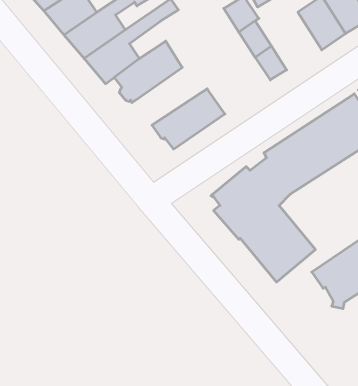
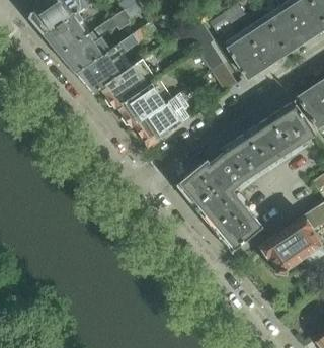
building: none -> [228,34,267,78]
building: none -> [117,77,172,125]

